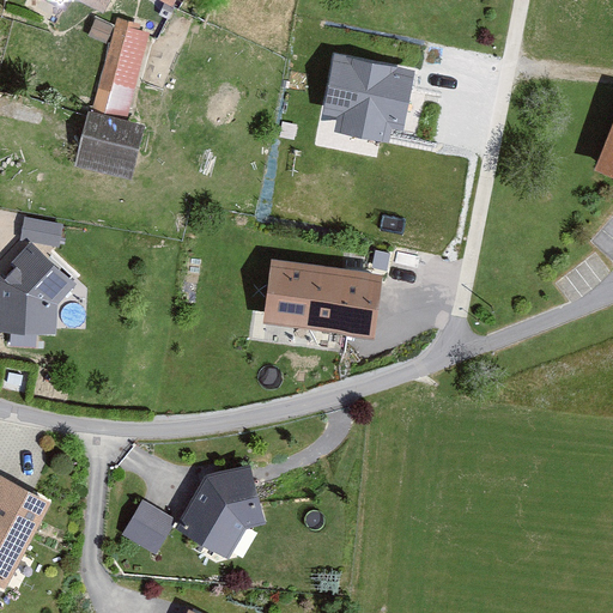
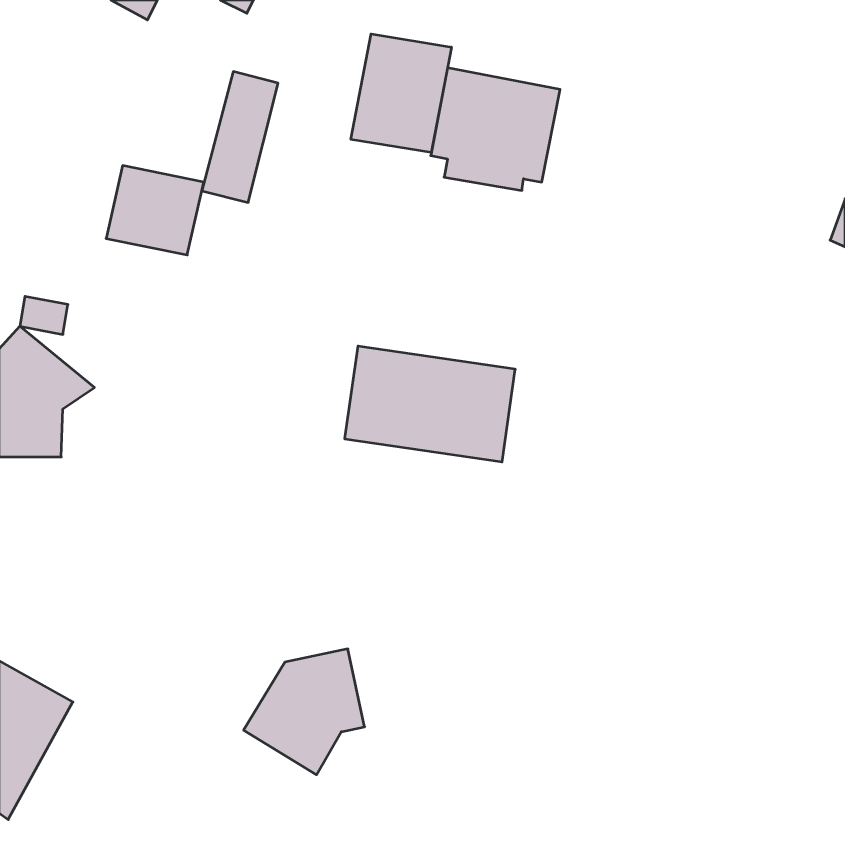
building: none -> [351,34,451,153]
building: [96,29,151,123] -> [202,72,278,202]
building: [125,506,176,559] -> none

